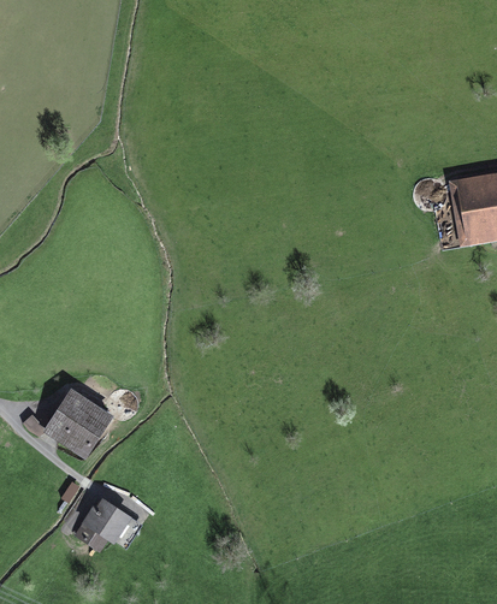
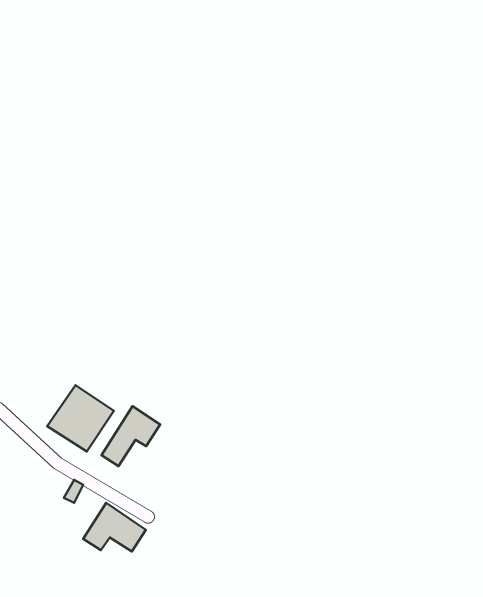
building: none -> [101,406,160,466]

